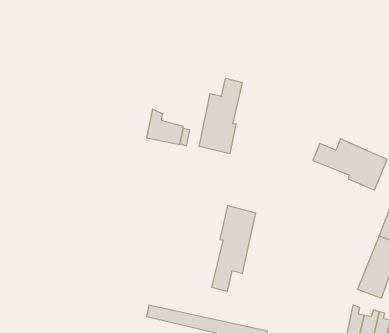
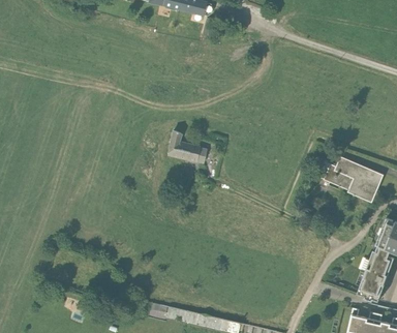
building: [199,78,242,154] -> none
building: [212,206,255,292] -> none

